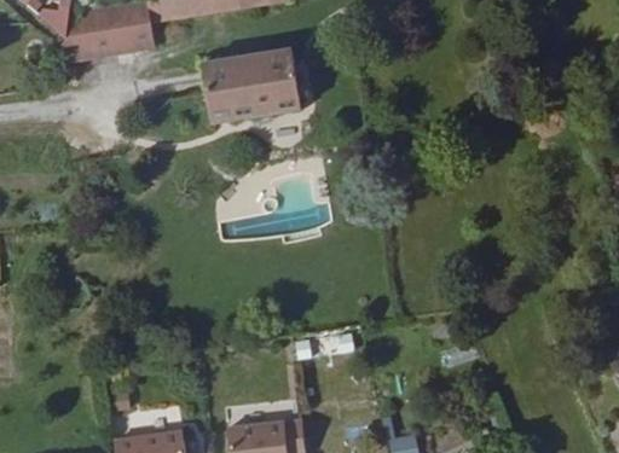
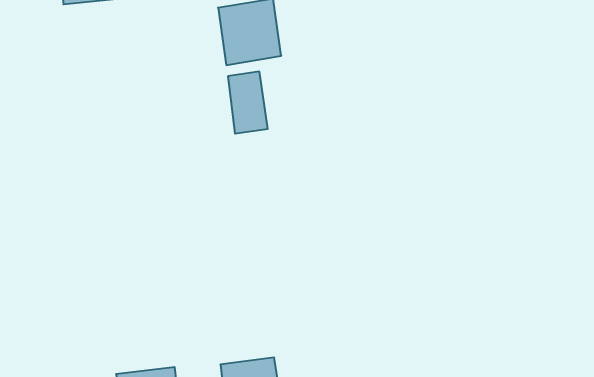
building: [195,54,236,118] -> [228,72,268,134]

